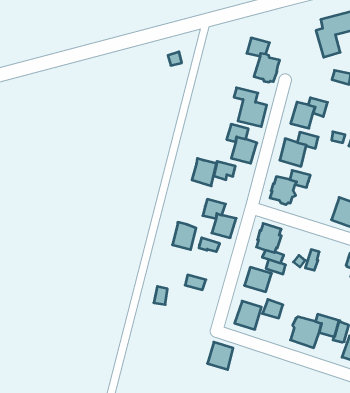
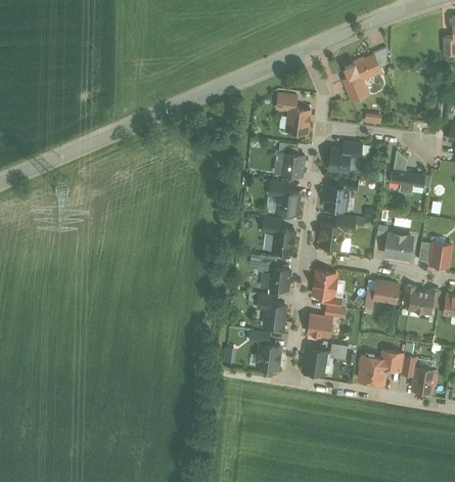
building: [192,158,217,186] -> [272,228,293,253]
building: [172,222,196,250] -> [264,303,284,327]
building: none -> [373,280,398,302]
building: [207,342,233,370] -> [257,344,279,368]

